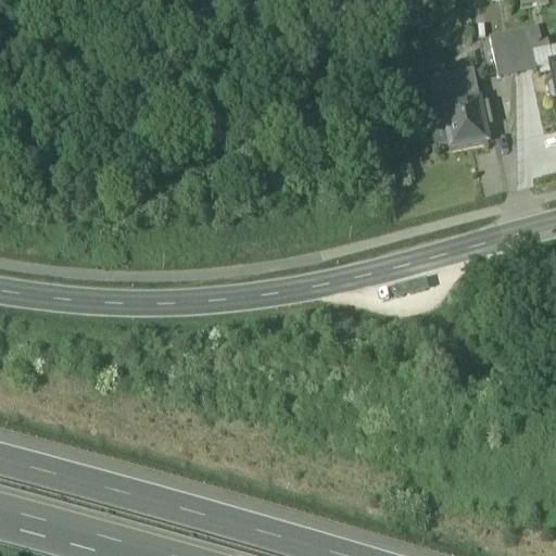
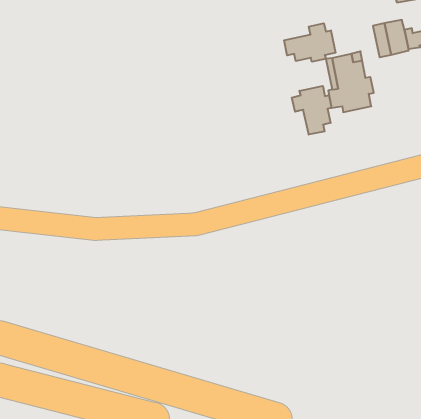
building: none -> [284,23,336,62]
building: none -> [292,86,332,135]

